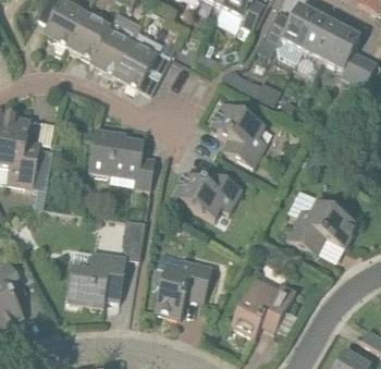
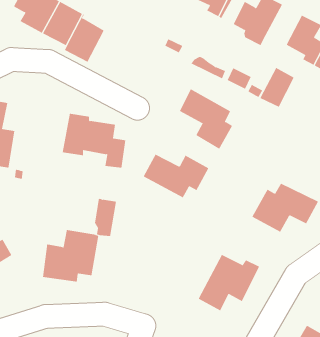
building: [302,13,339,56] -> [259,67,295,107]
building: [114,40,171,87] -> none
building: [153,257,211,315] -> none

